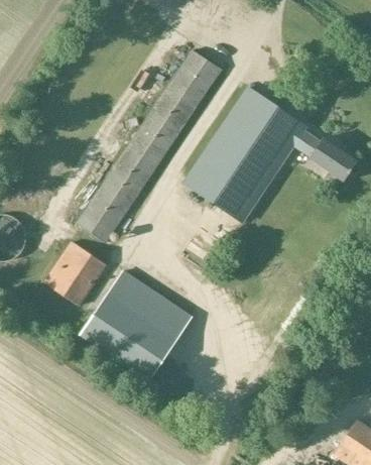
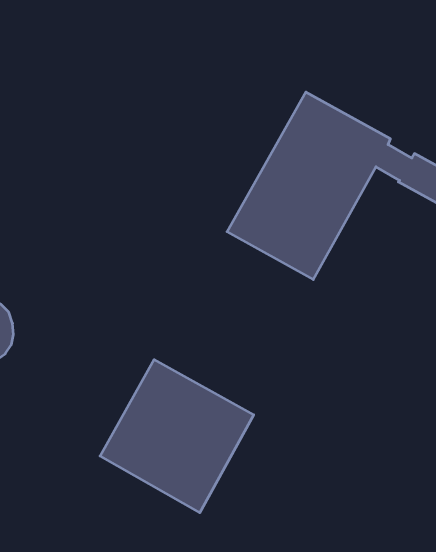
building: [76,48,223,242] -> none
building: [44,241,106,305] -> none

